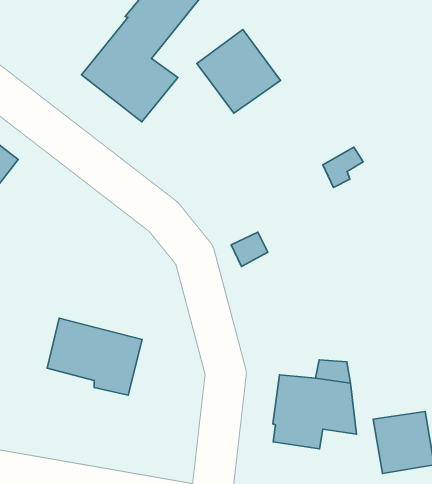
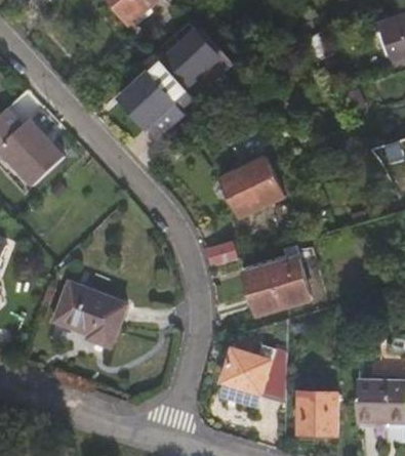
building: [197,29,280,113] -> [216,159,277,220]
building: none -> [240,249,308,316]

